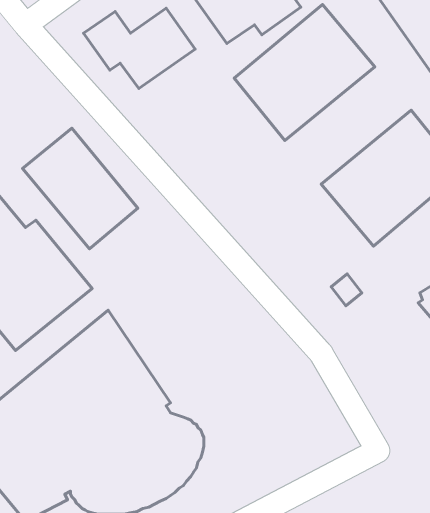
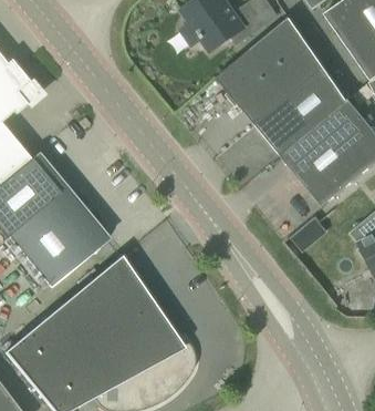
building: [84,8,195,89] -> none
building: none -> [257,69,353,158]
building: [22,128,138,249] -> none

